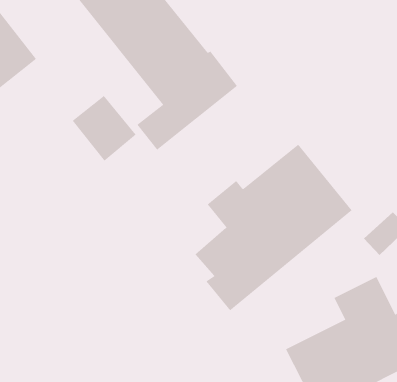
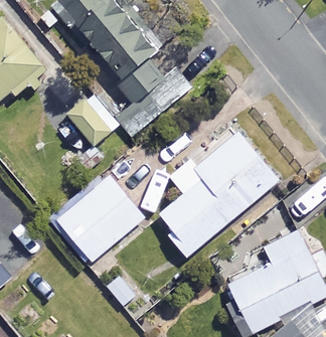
building: none -> [49,171,143,261]

